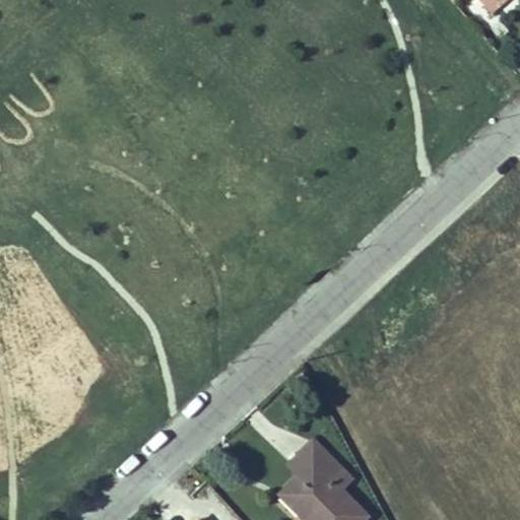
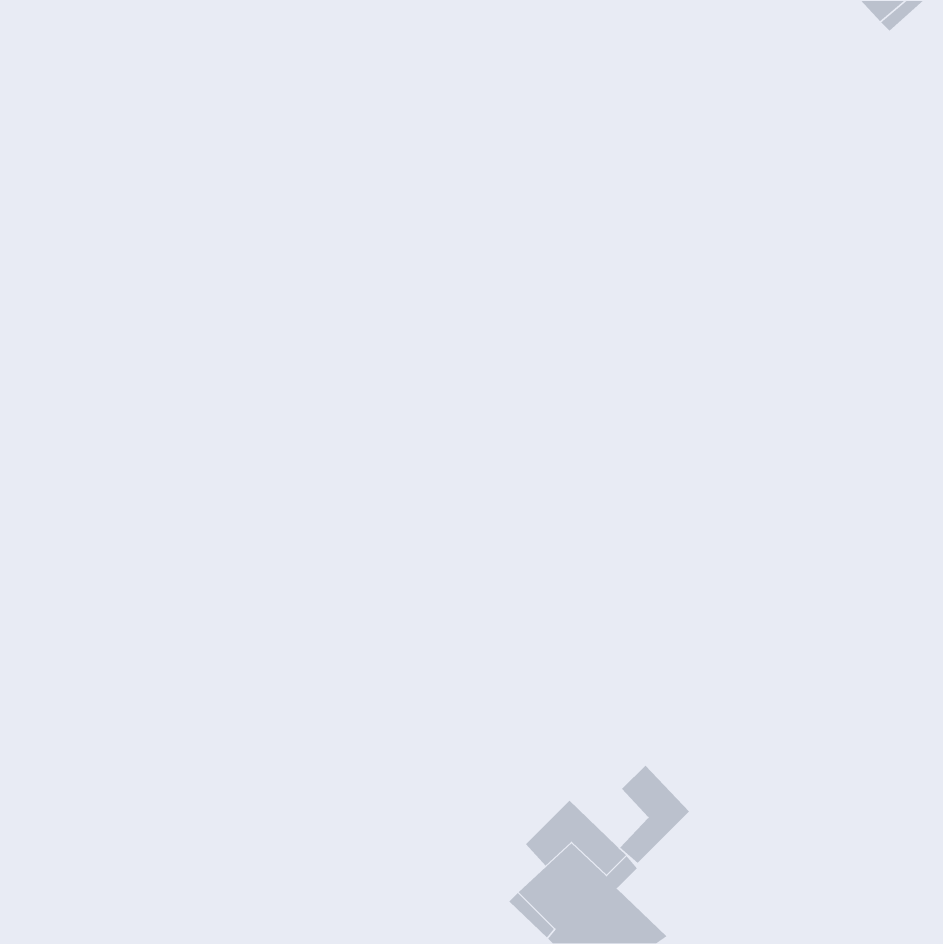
building: none -> [619,765,690,864]

